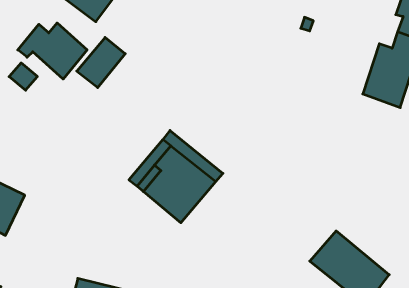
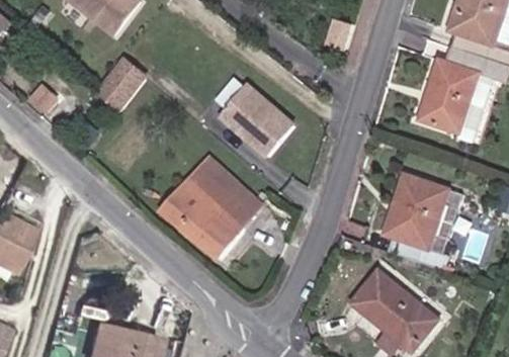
building: [18,23,87,79] -> none
building: none -> [223,82,299,161]
building: none -> [385,173,453,253]

